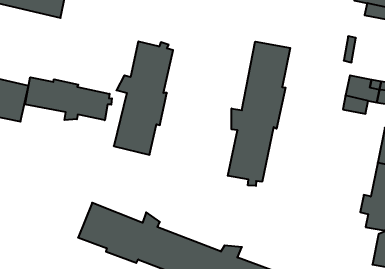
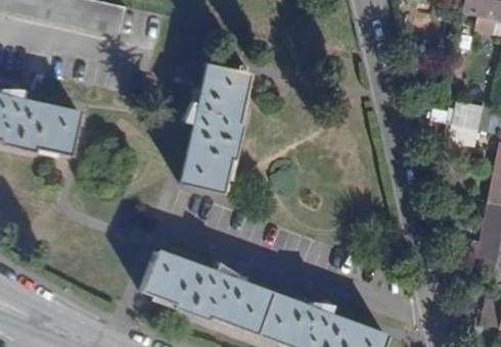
building: [228,42,290,186] -> none
building: [25,77,112,120] -> none

